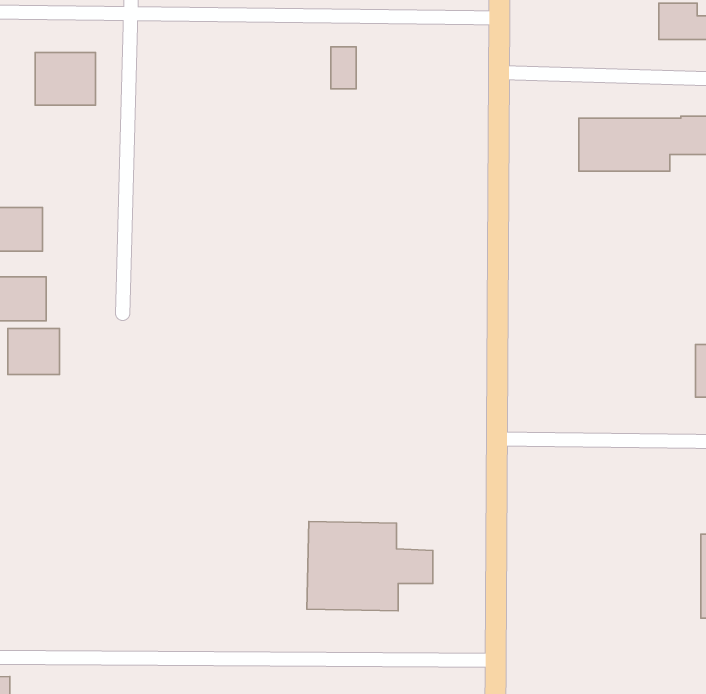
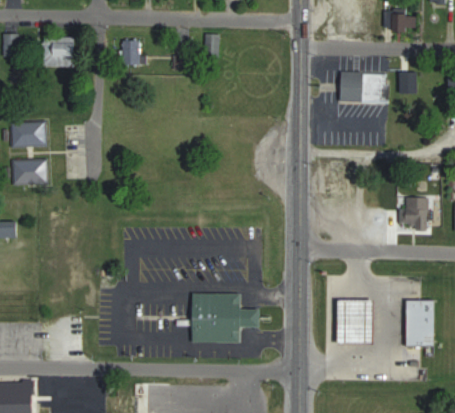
building: none -> [124,38,145,64]
building: [8,329,60,374] -> none
building: none -> [339,301,374,345]

